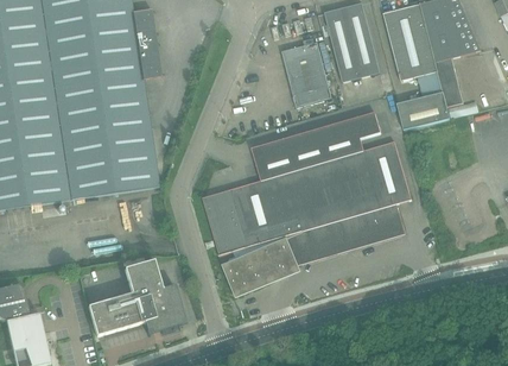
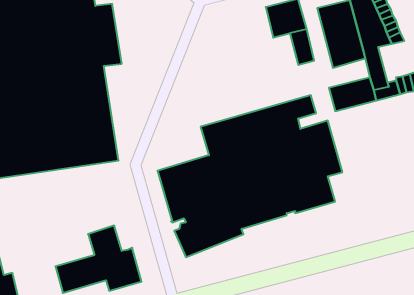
building: [282,42,332,107] -> none
building: [334,42,362,82] -> none

